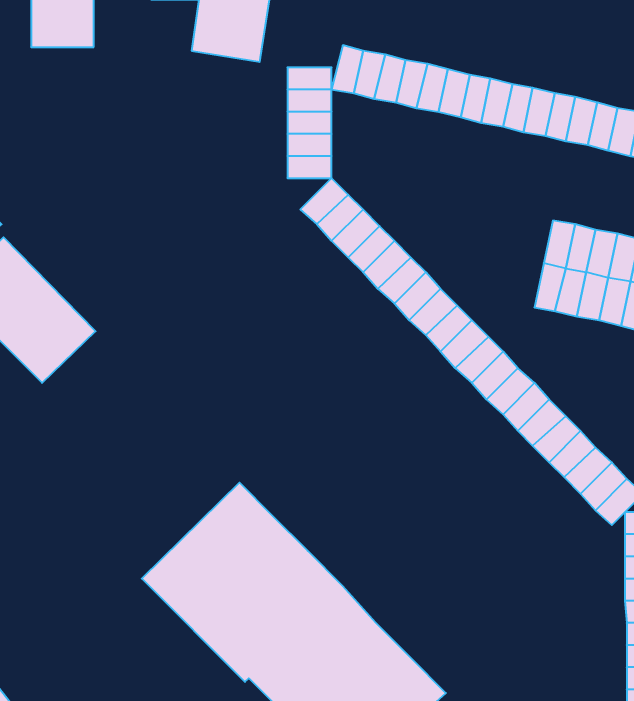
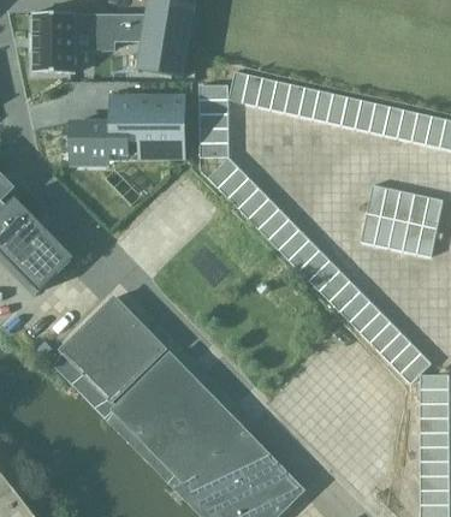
building: none -> [71,94,185,159]
building: none -> [48,298,165,417]

